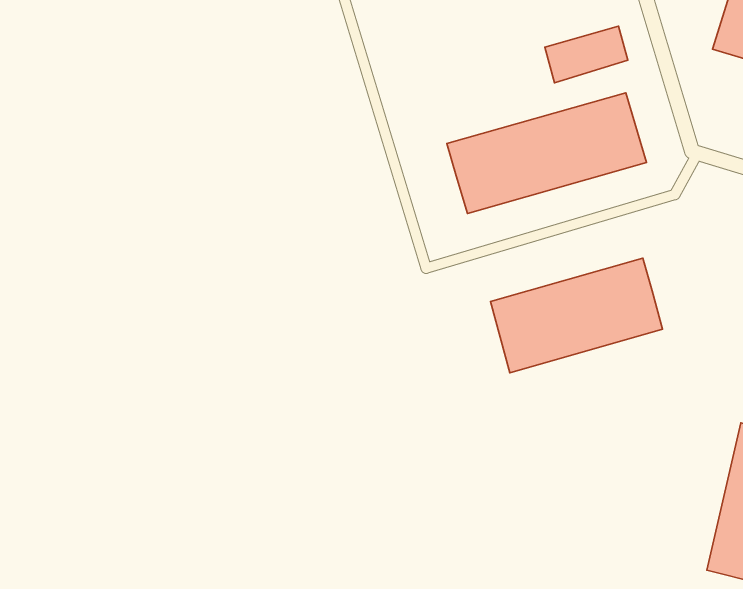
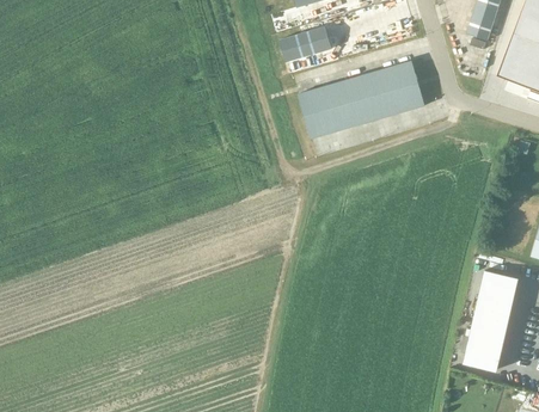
building: [545,26,628,83] -> [280,26,332,62]
building: [490,258,662,373] -> none

